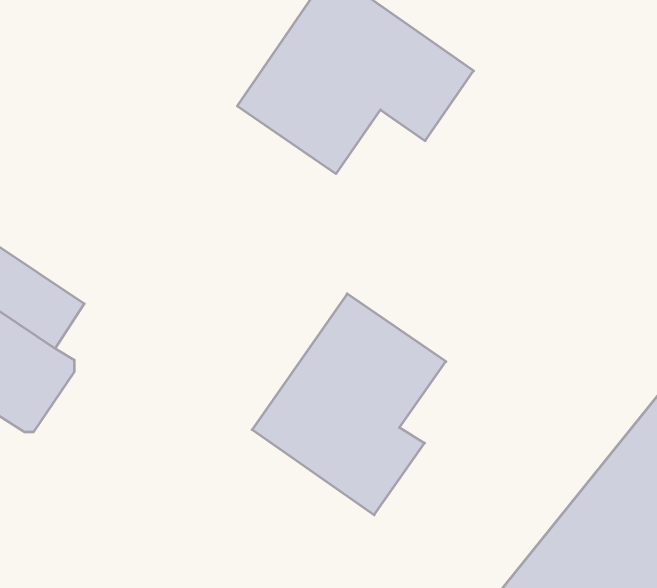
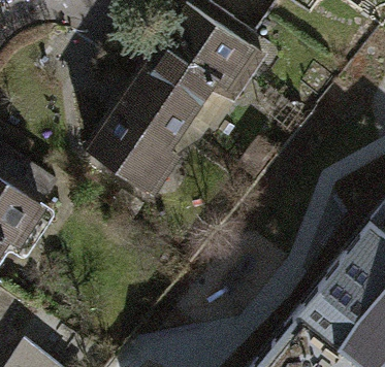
building: [252,294,446,515] -> [88,78,191,196]

